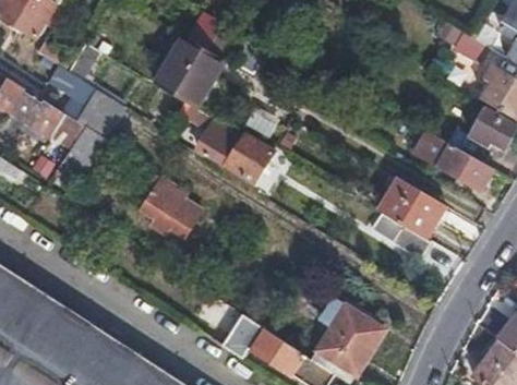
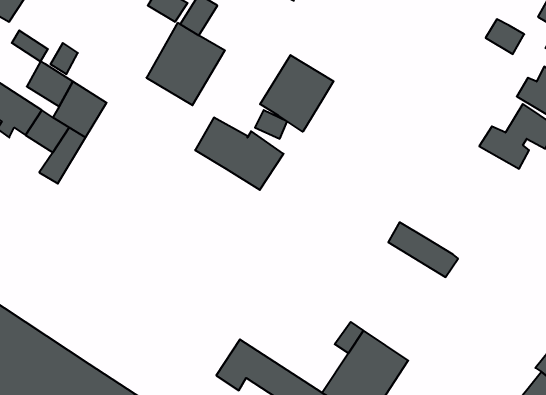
building: none -> [260,55,334,132]
building: [411,131,493,190] -> none
building: [376,179,443,238] -> none
building: [152,184,212,242] -> none

